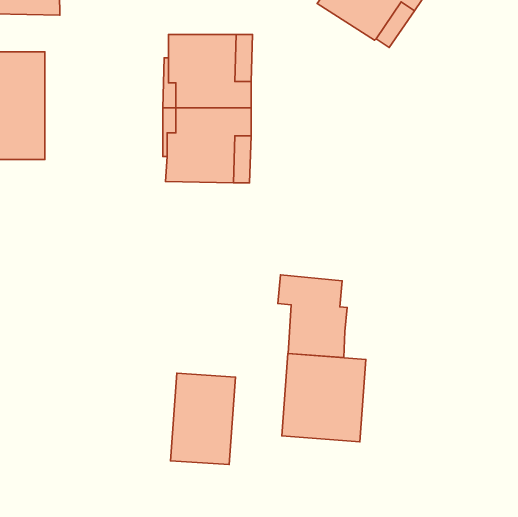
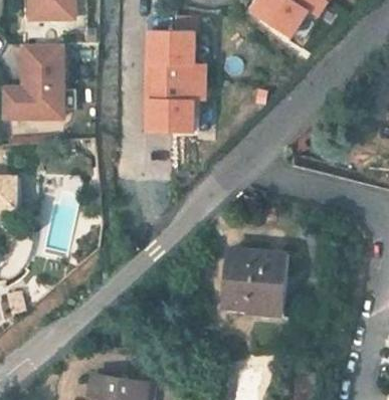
building: [278,275,347,357] -> none
building: [170,373,236,465] -> none

